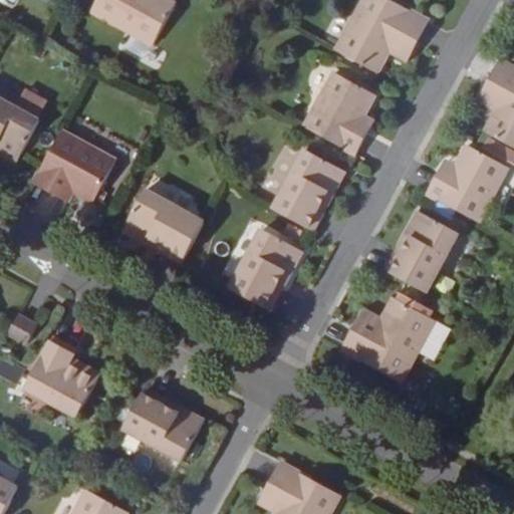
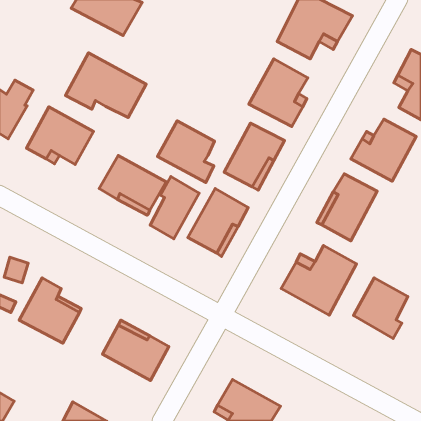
building: none -> [65,53,146,117]
building: none -> [158,121,215,183]
building: none -> [150,177,199,239]
building: none -> [353,278,408,338]

